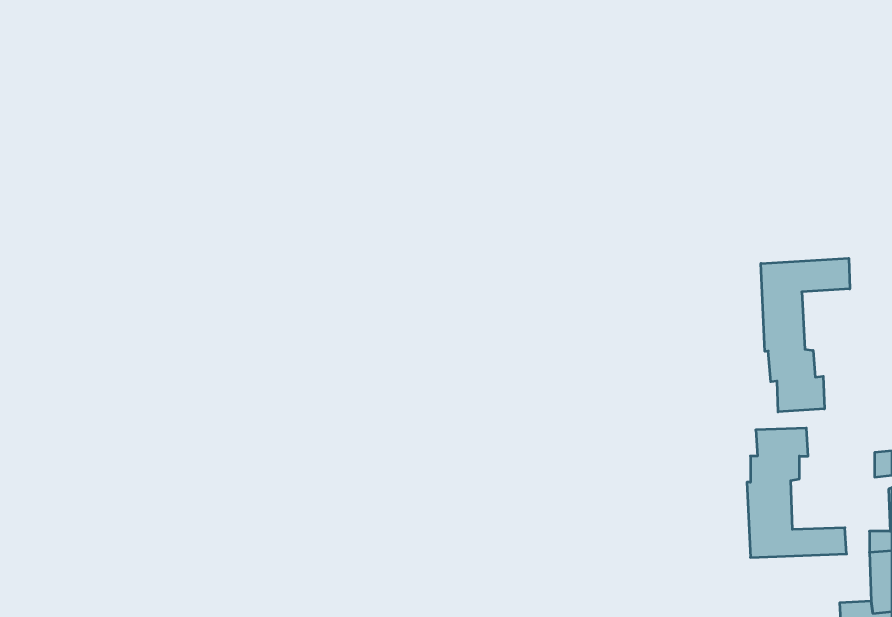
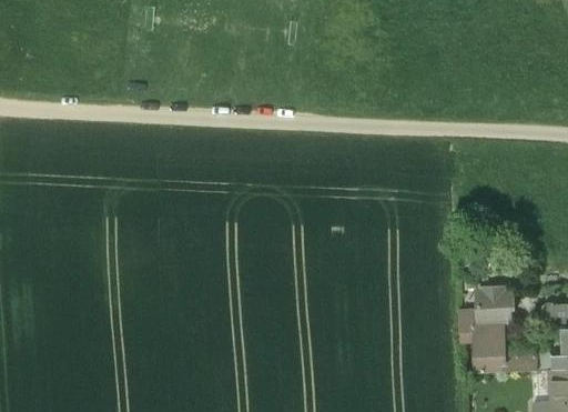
building: [761,258,850,412] -> none

